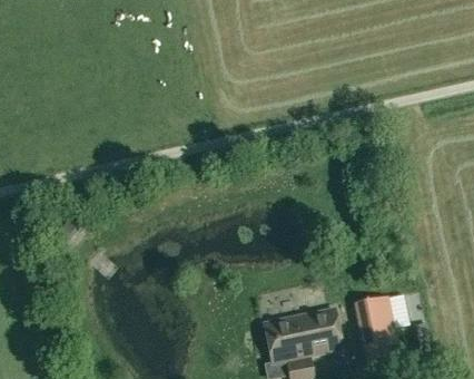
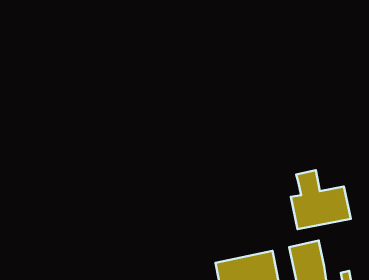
building: none -> [291,170,351,229]

